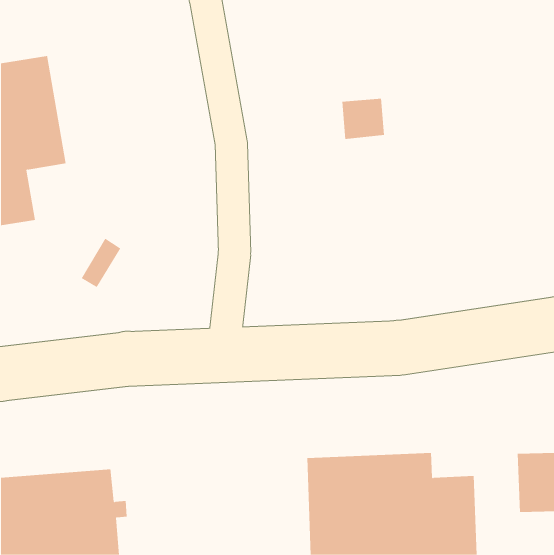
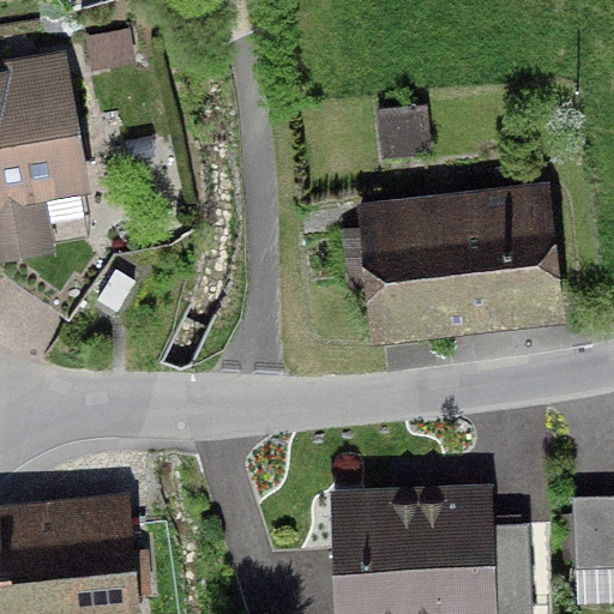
building: none -> [342,187,560,326]

